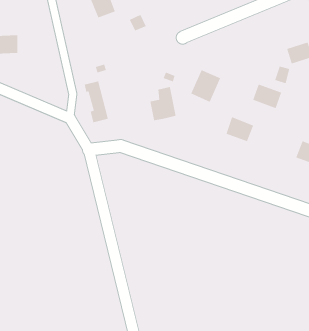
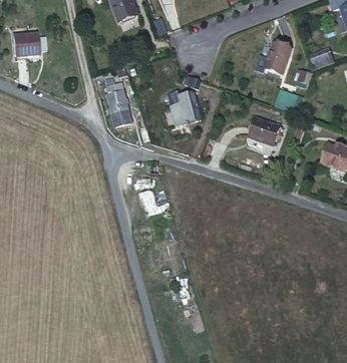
building: [190,69,221,103] -> [261,43,292,77]

